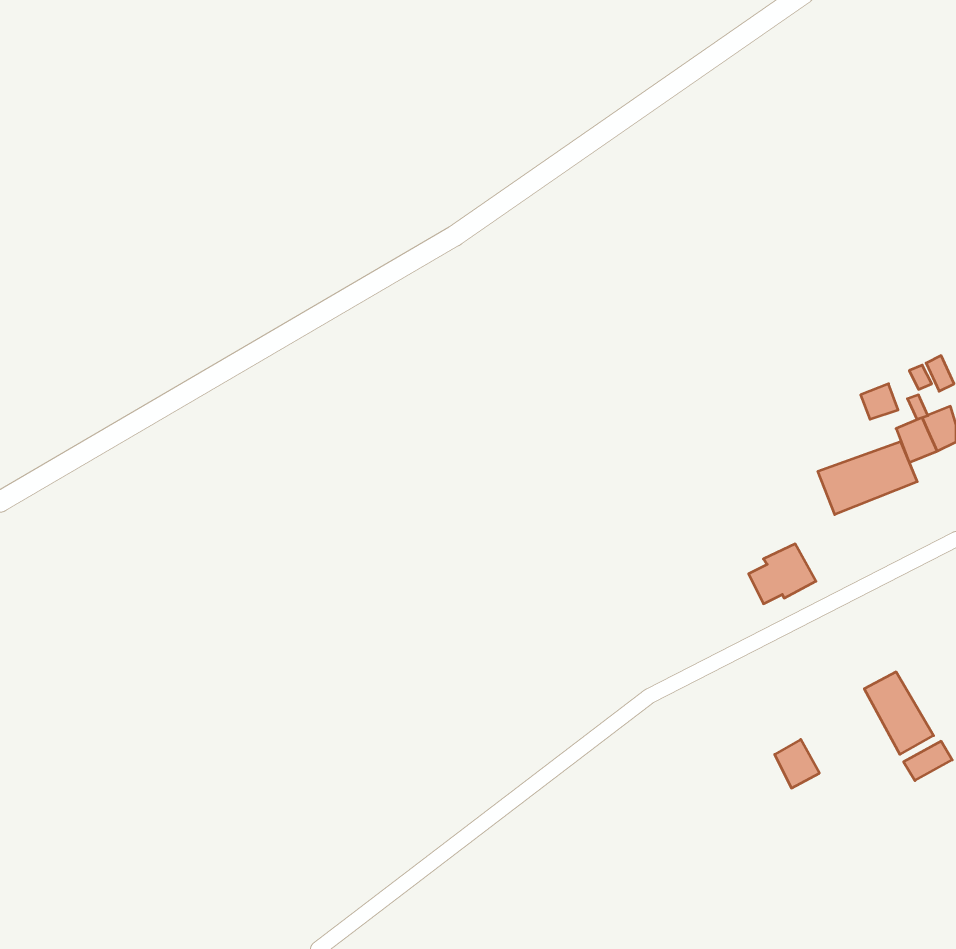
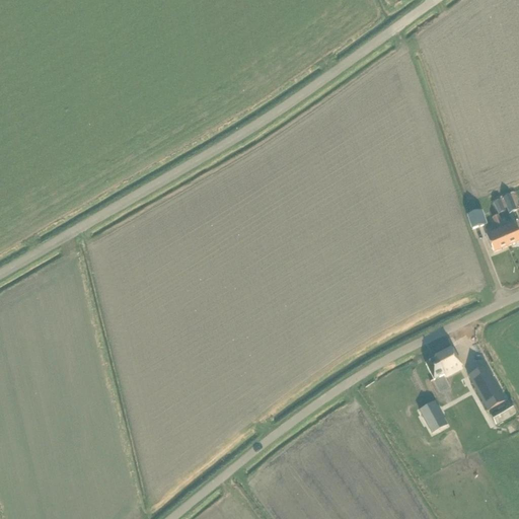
building: [818,441,917,515] -> none
building: [749,544,816,604] -> [426,346,462,378]

